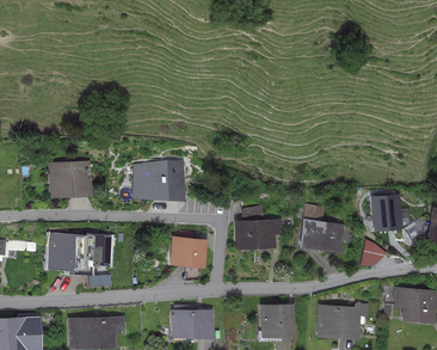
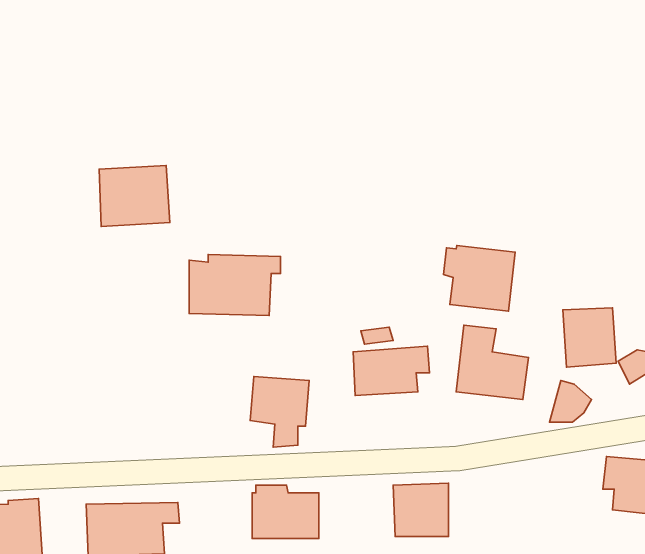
building: none -> [443,245,515,311]
building: [49,160,93,198] -> [99,165,170,226]
building: [48,227,112,285] -> none
building: [318,303,369,338] -> none

